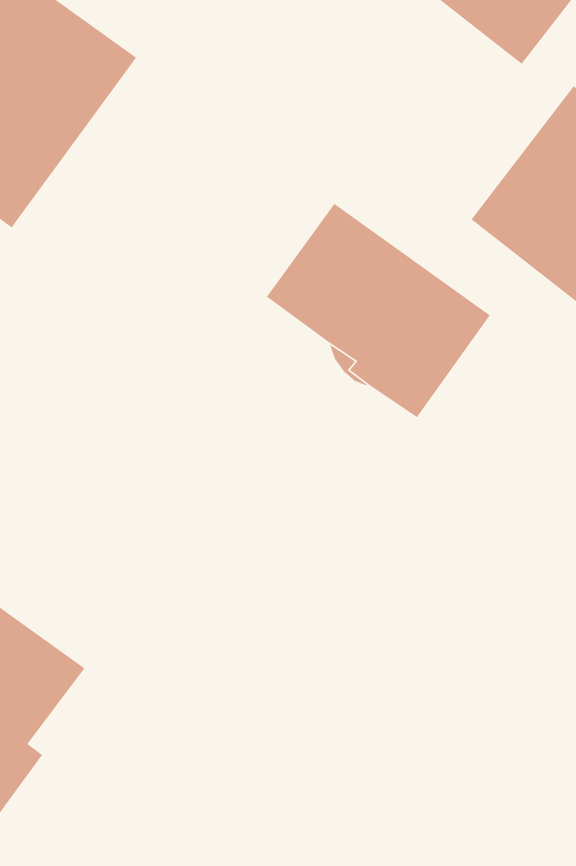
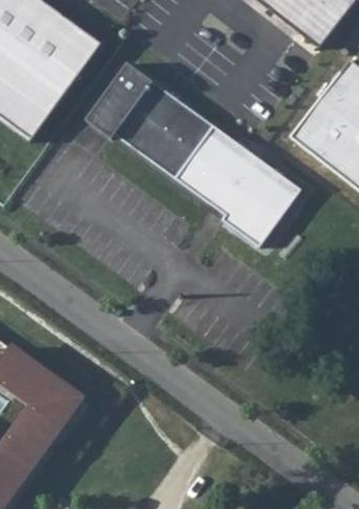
building: none -> [86,62,214,178]

